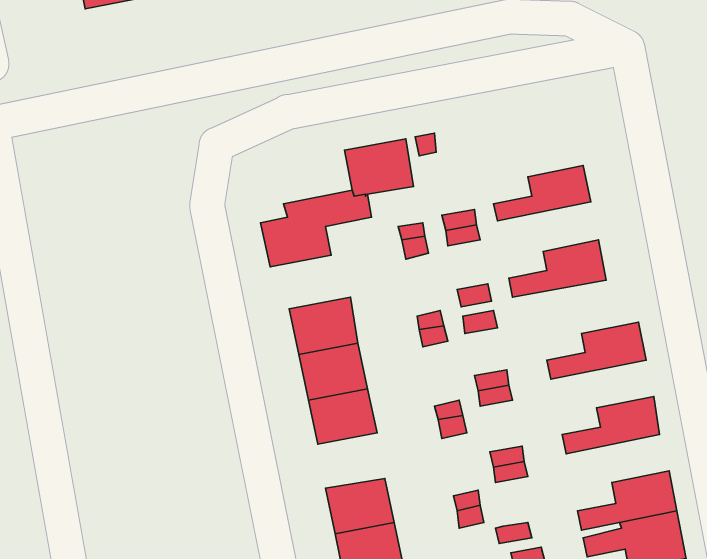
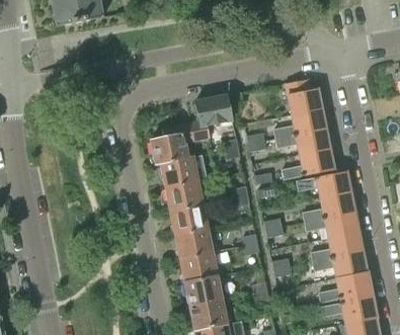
building: none -> [286,79,321,115]
building: none -> [275,129,329,155]
building: none -> [155,157,197,185]
building: none -> [296,171,350,198]
building: none -> [304,213,358,238]
building: none -> [180,251,216,280]
building: none -> [312,252,367,277]

